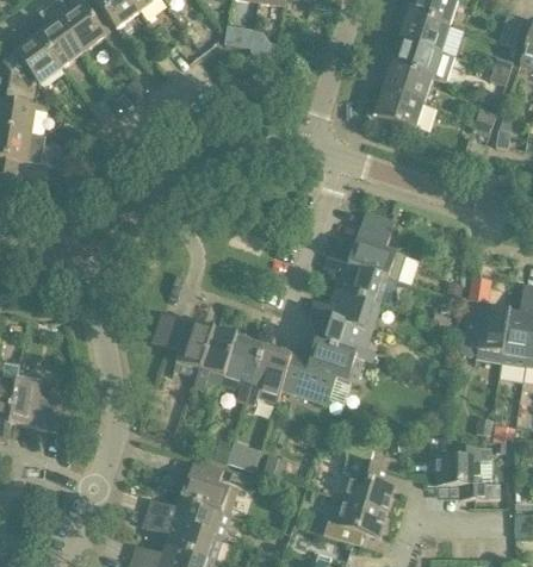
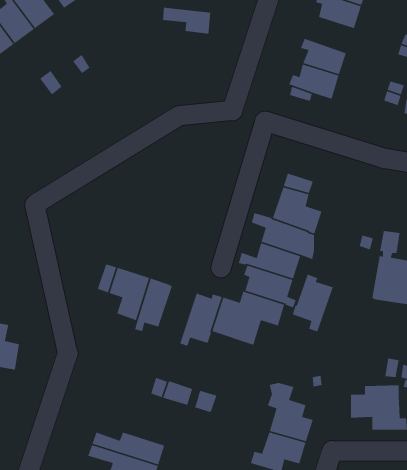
building: [385,38,454,81] -> none
building: none -> [292,273,334,332]
building: [223,331,265,401] -> none
building: [182,459,238,515] -> none

